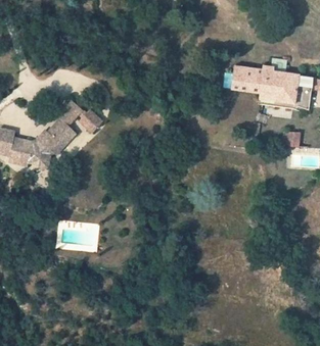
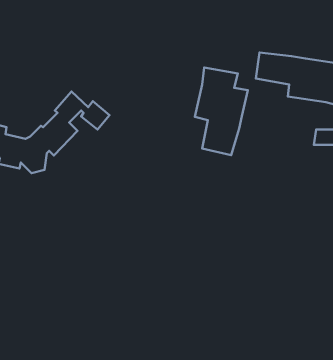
building: none -> [195,68,248,155]

